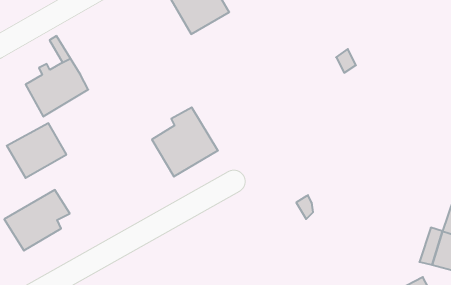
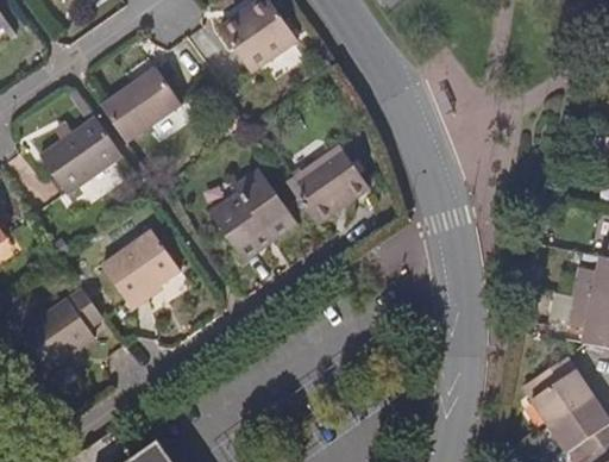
building: none -> [101,67,180,139]
building: none -> [285,144,368,218]
building: [7,123,66,178] -> [105,229,182,301]

